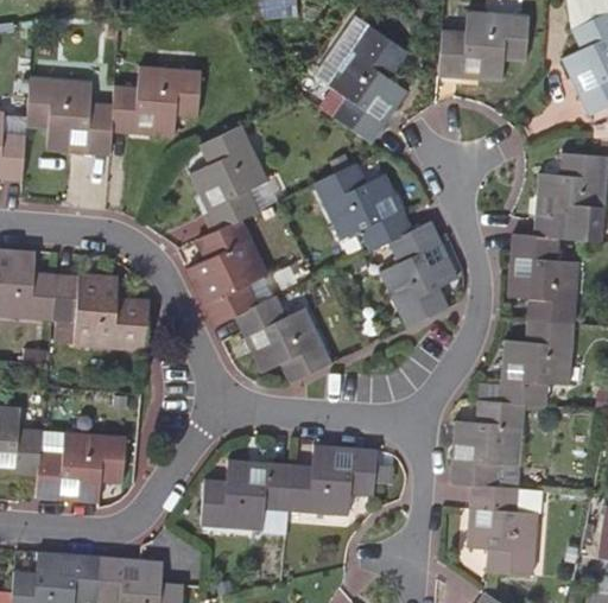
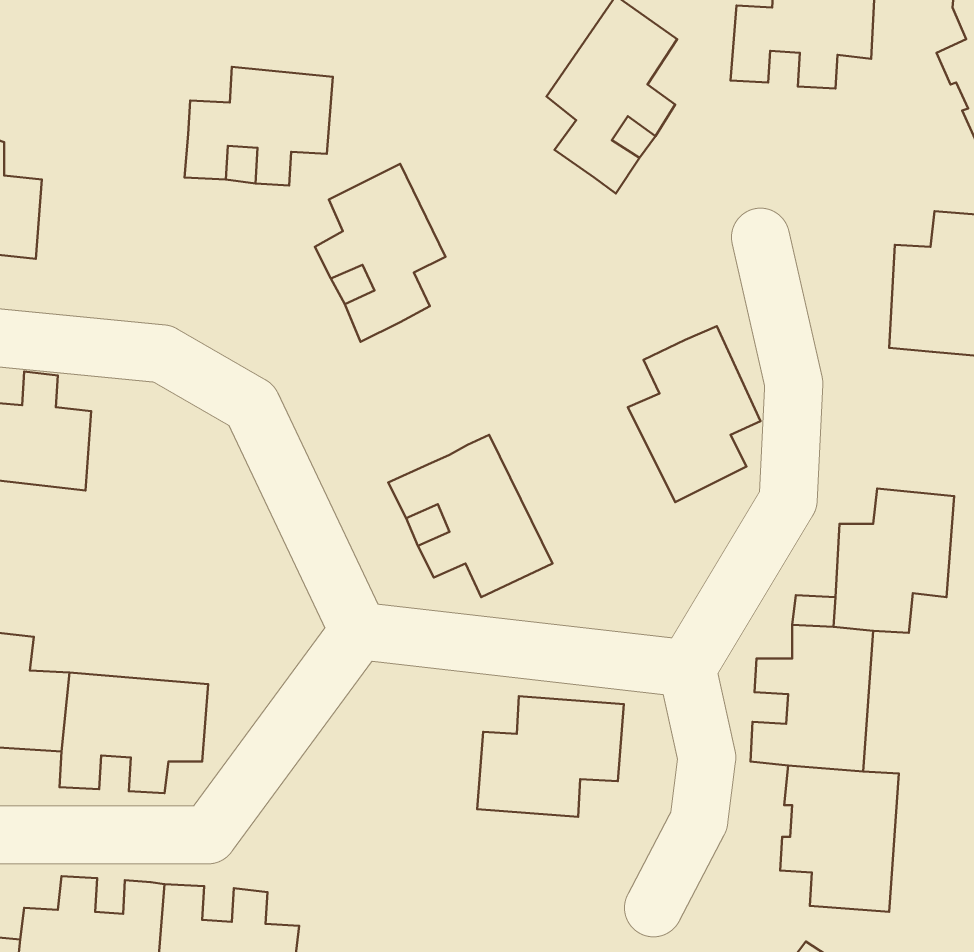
building: [27,78,114,152] -> none
building: [314,163,412,250] -> none
building: [188,220,267,325] -> none
building: [509,234,578,324] -> none
building: [52,273,150,348] -> none
building: [204,461,291,532] -> none

